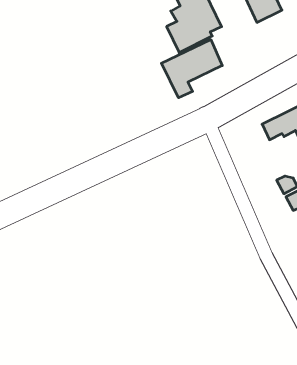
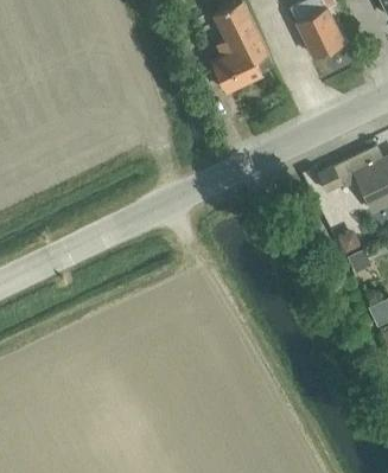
building: [161,40,222,98] -> none

